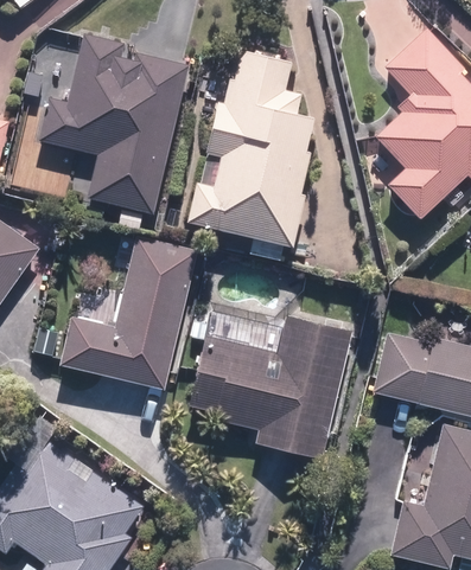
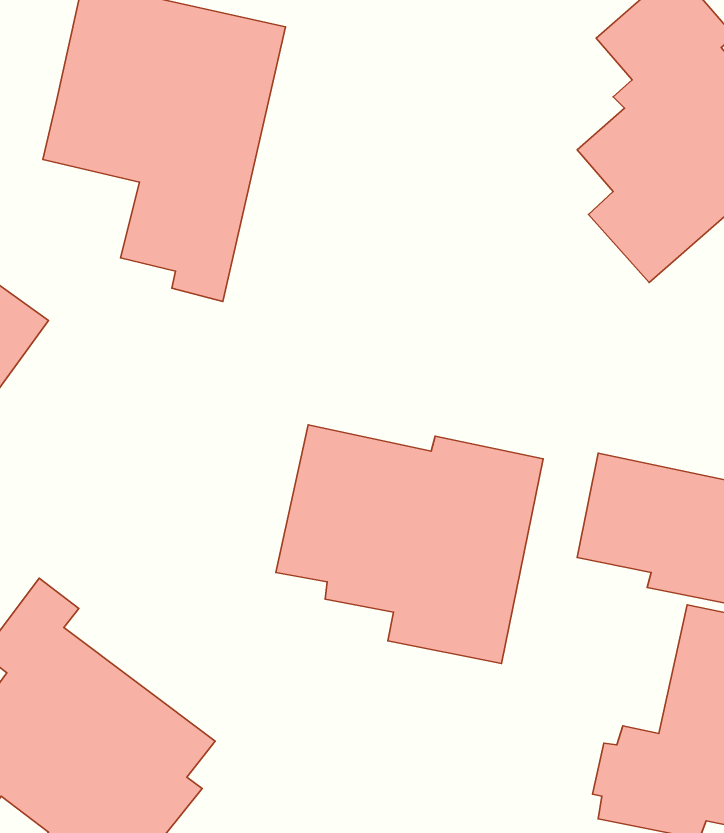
building: [183,50,313,246] -> none
building: [55,243,195,391] -> none

